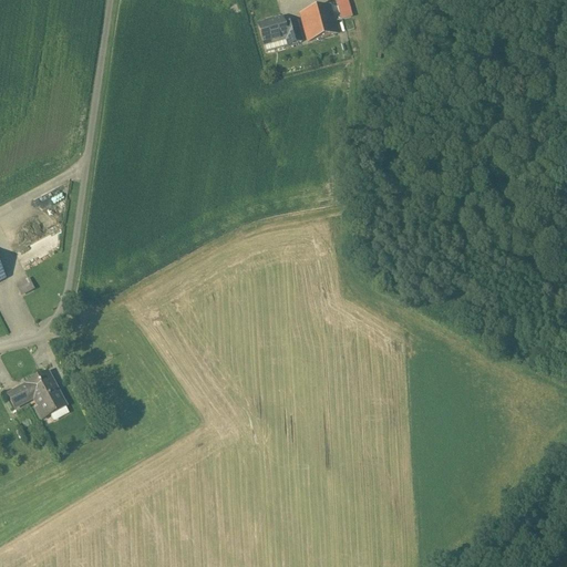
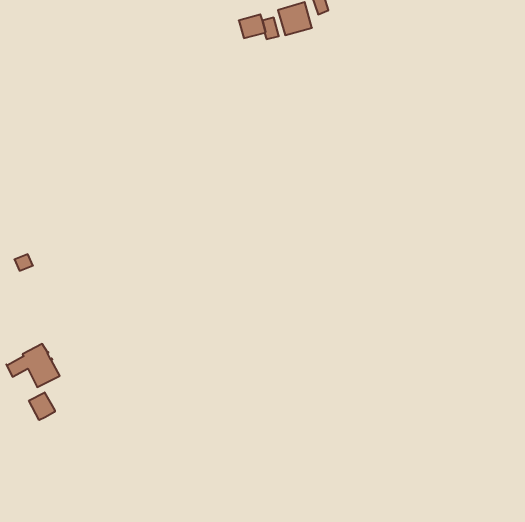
building: none -> [29,392,55,420]

